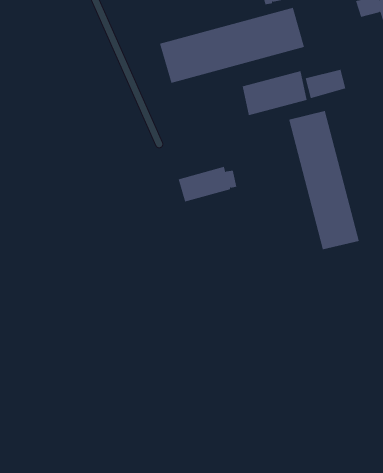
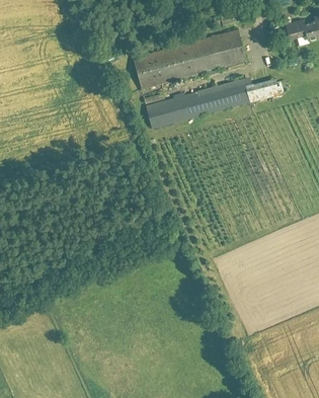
building: [288,110,360,250] -> none
building: [178,166,237,202] -> [153,94,200,123]

